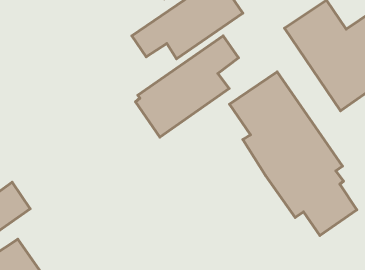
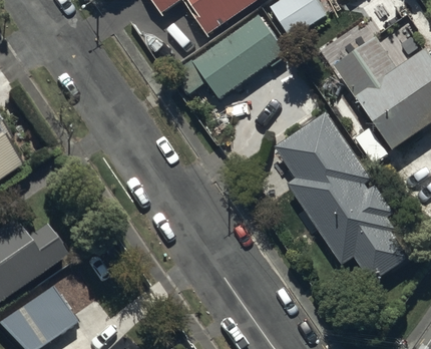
building: [135,36,239,137] -> none

